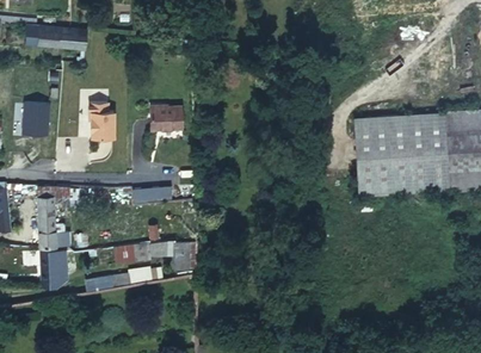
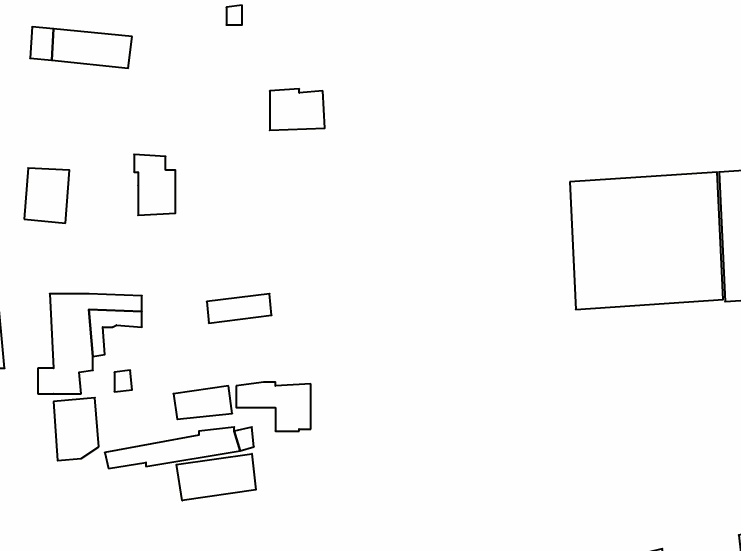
building: [149,104,183,129] -> [270,89,325,130]
building: none -> [176,454,256,501]

